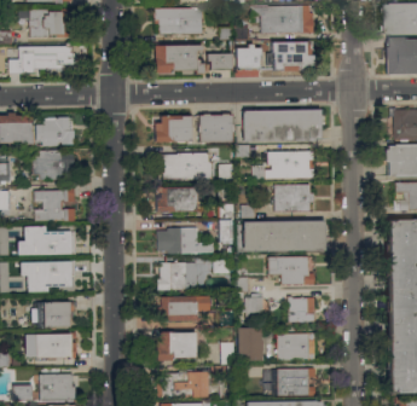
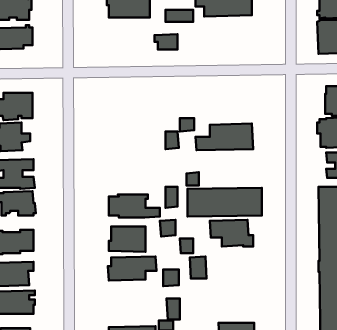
building: [271,41,312,70] -> none
building: [154,44,203,74] -> none
building: [236,44,261,69] -> none
building: [242,109,324,141] -> none
building: [198,114,232,141] -> none
building: [154,115,193,141] -> none
building: [154,152,213,179] -> none
building: [274,182,313,211] -> none
building: [155,186,197,211] -> none
building: [288,296,314,321] -> none
building: [237,326,263,360] -> none
building: [156,331,196,360] -> none
building: [277,332,315,360] -> none

